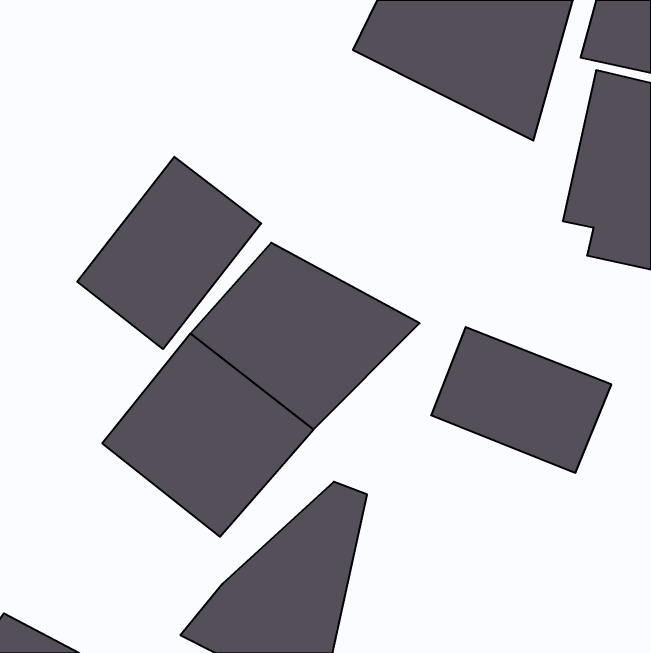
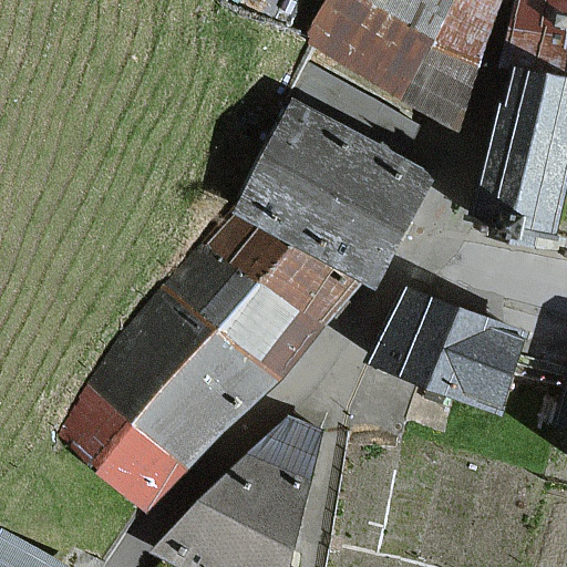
building: none -> [235,101,433,286]
building: [77,157,261,349] -> none
building: none -> [52,384,190,511]

